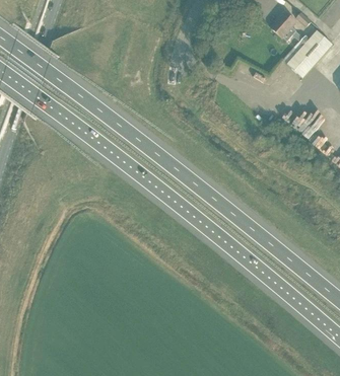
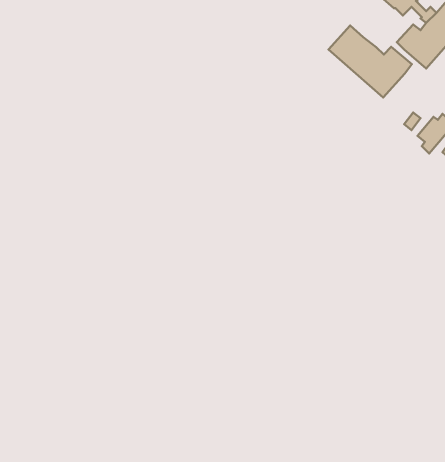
building: none -> [329,25,412,97]

